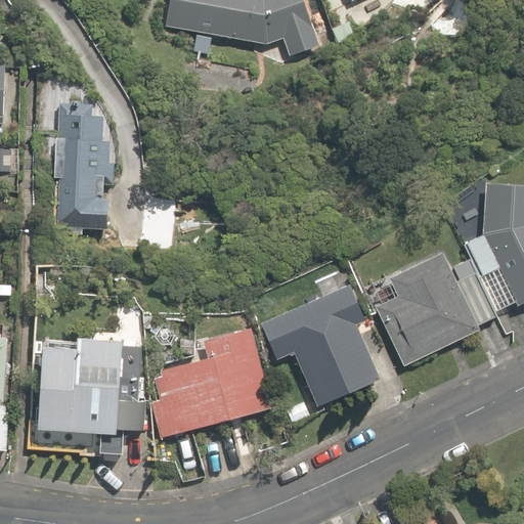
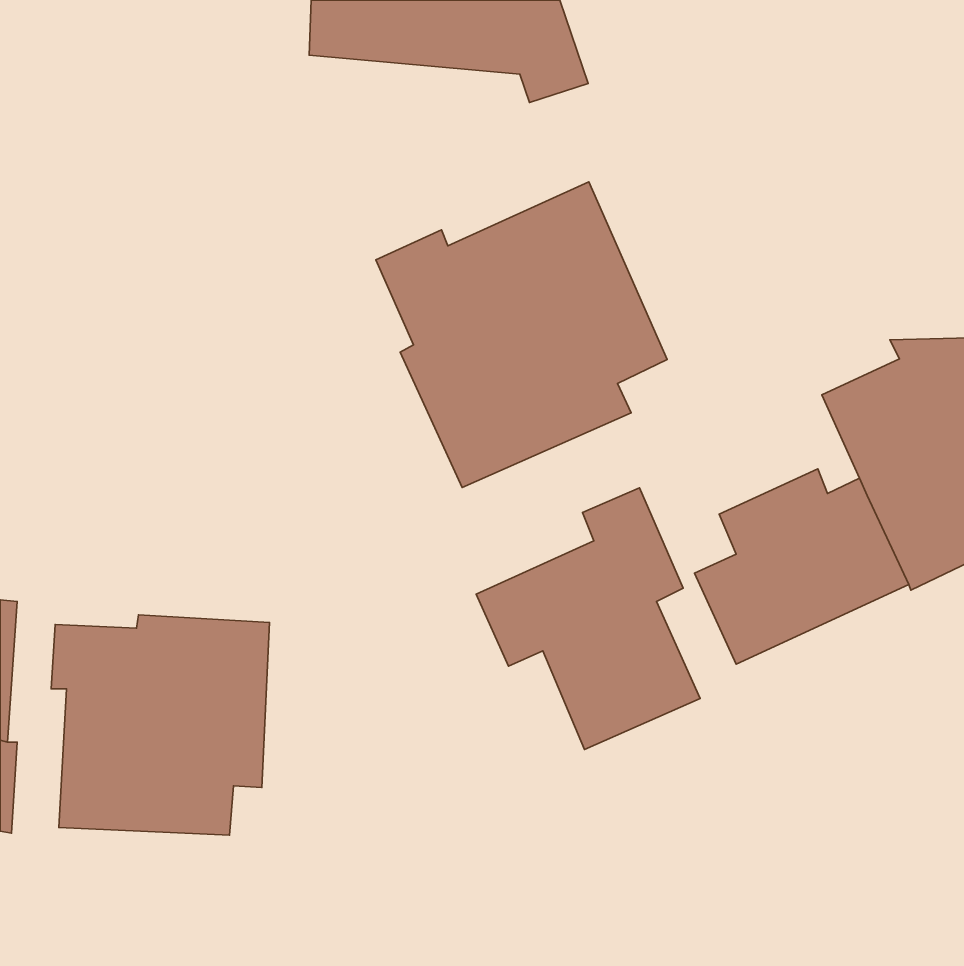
building: [37,80,122,228] -> none
building: none -> [376,182,667,488]
building: [152,317,270,434] -> none

